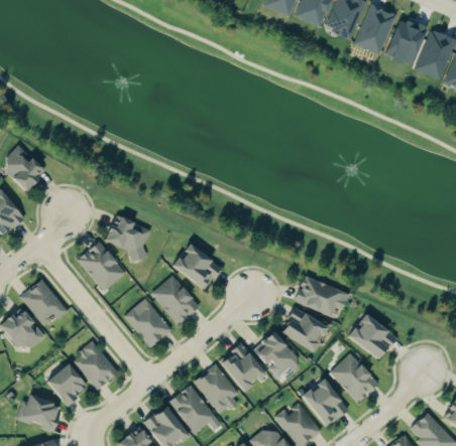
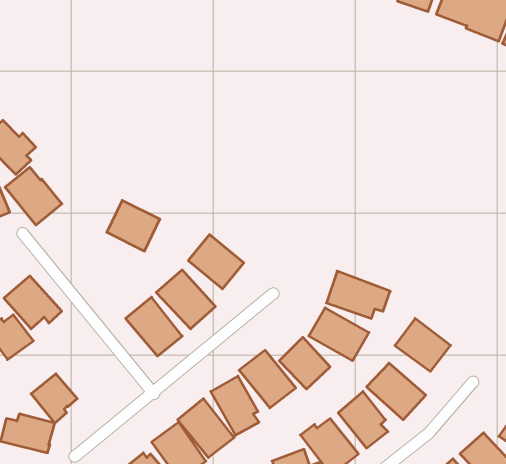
building: [76,242,124,291] -> [5,167,62,225]
building: [73,342,117,392] -> none

